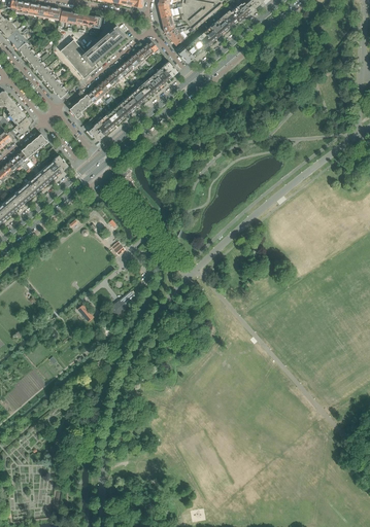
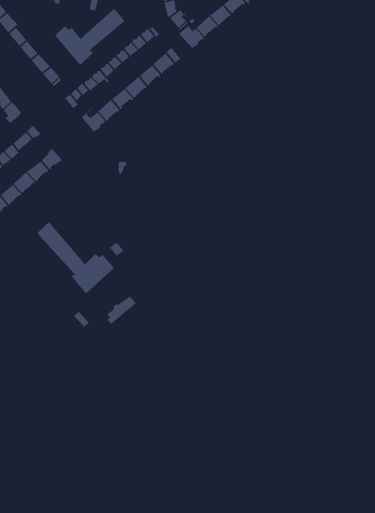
building: none -> [36,221,115,295]

